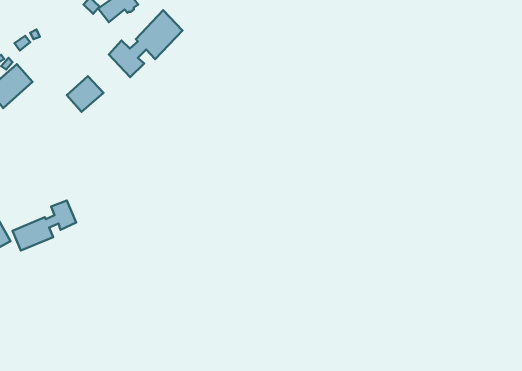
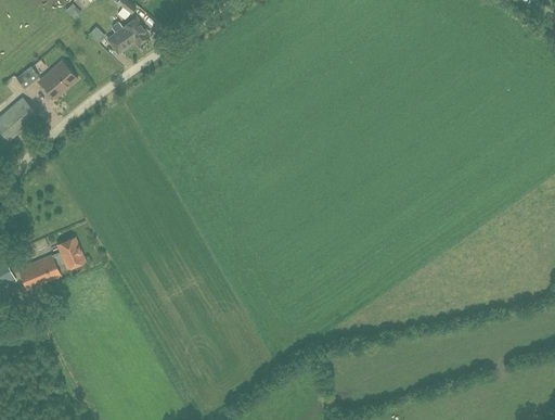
building: [109,10,182,77] -> none
building: [67,76,103,112] -> [39,60,77,97]

